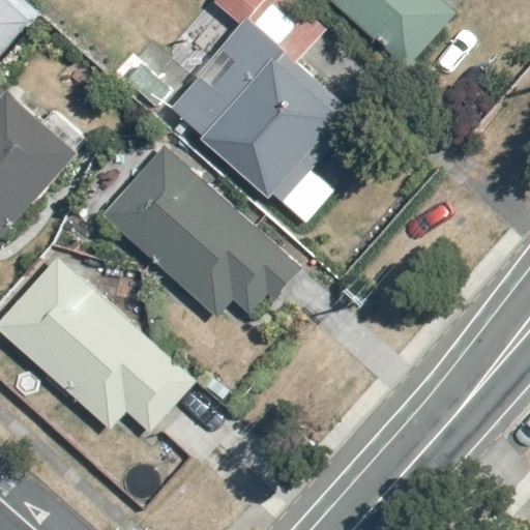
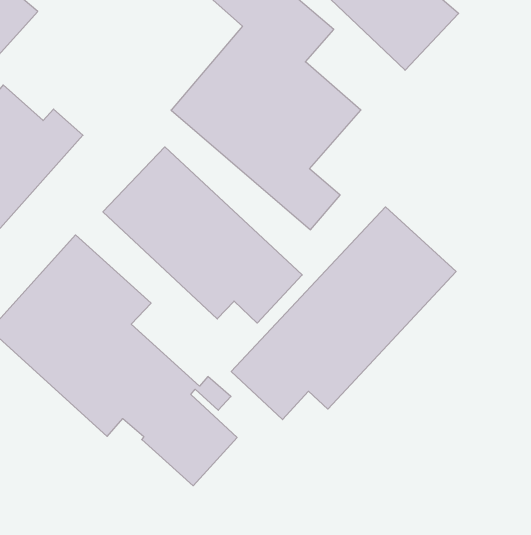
building: none -> [231,207,456,420]

